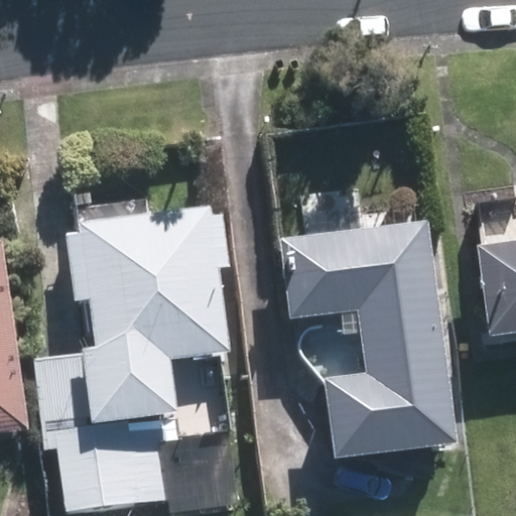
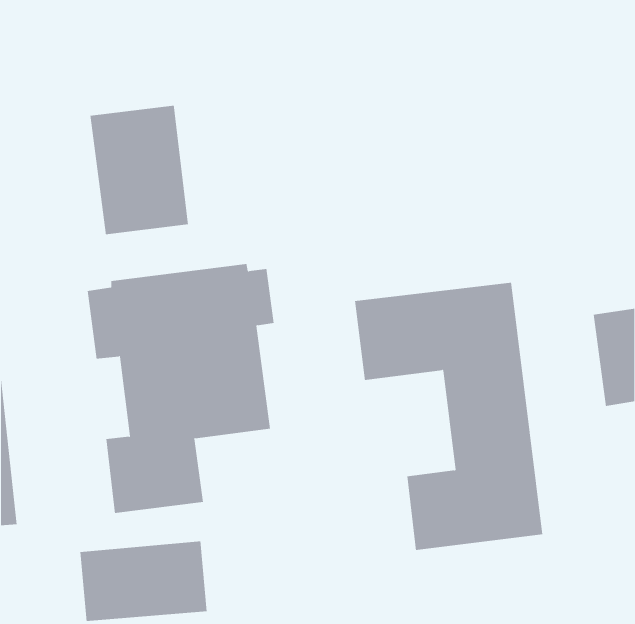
building: none -> [90,105,188,235]

